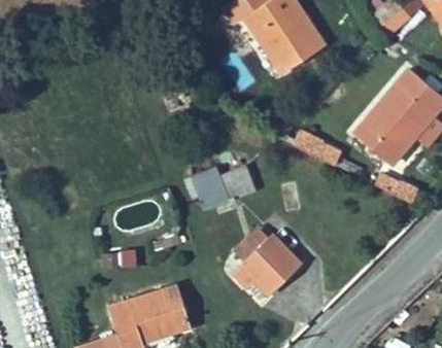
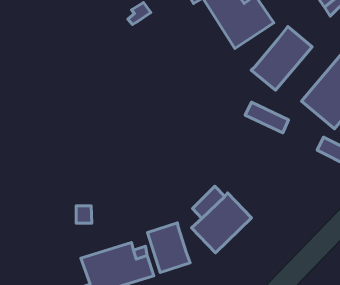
building: none -> [251,27,312,90]
building: [194,167,254,210] -> none
building: none -> [148,223,190,273]

